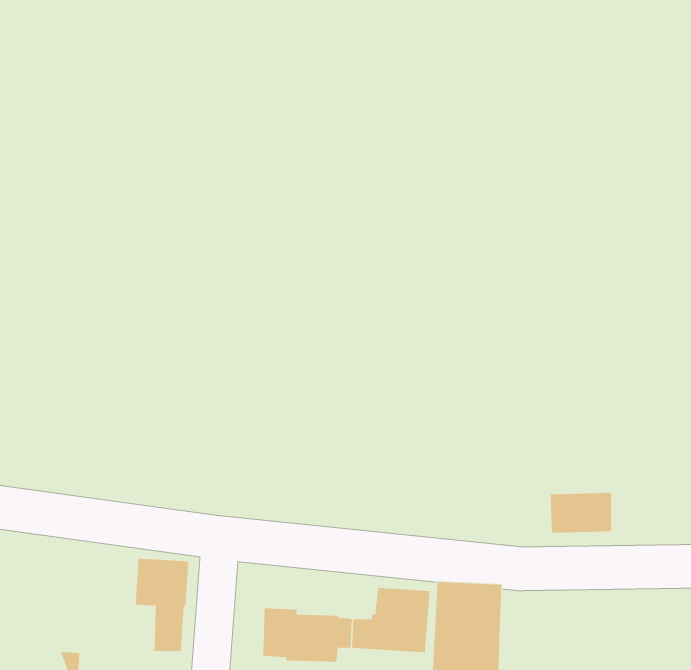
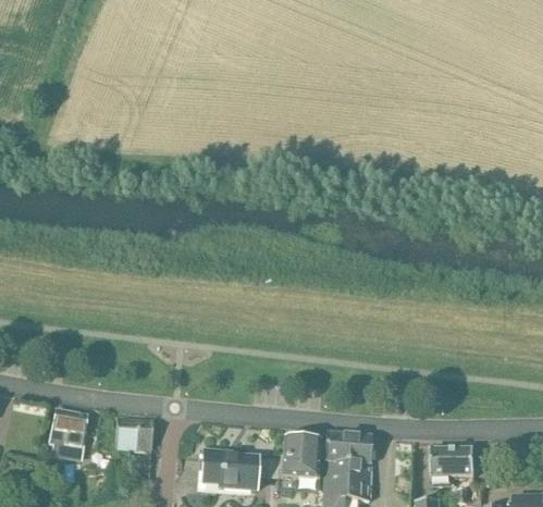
building: [550,493,612,533] -> [431,447,474,475]
building: none -> [49,408,89,456]

